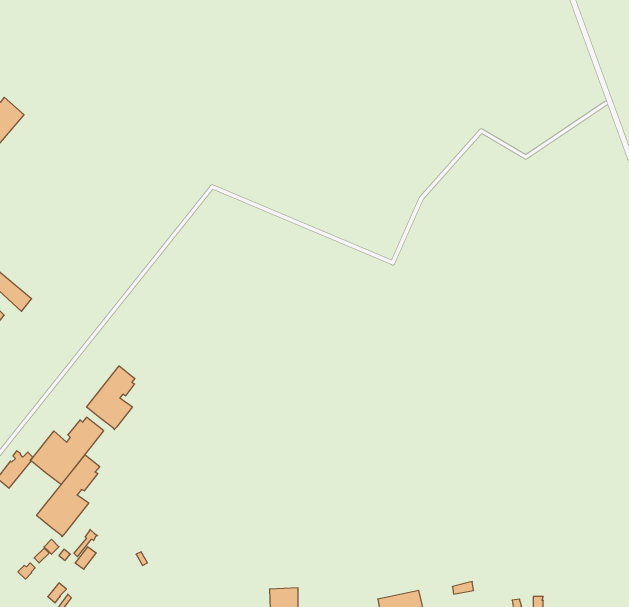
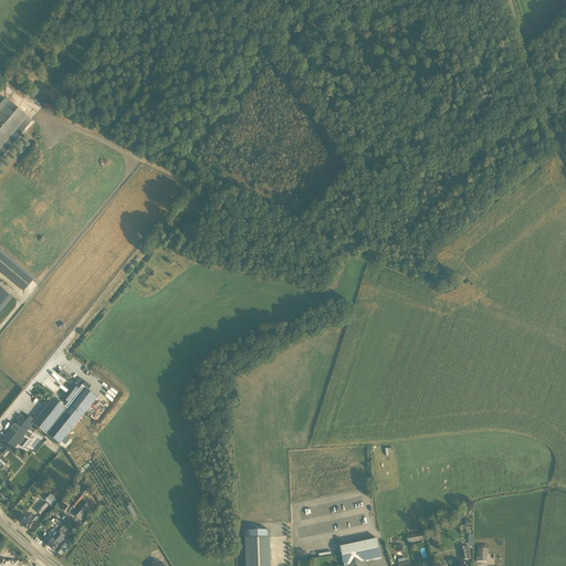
building: [87,366,135,430] -> none
building: [37,455,100,537] -> none

